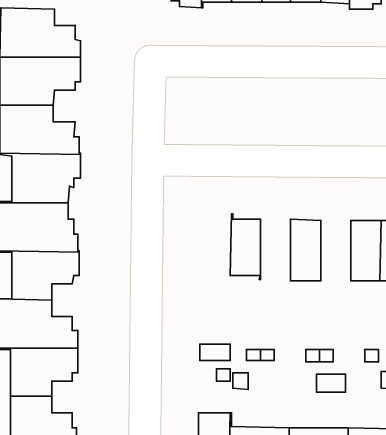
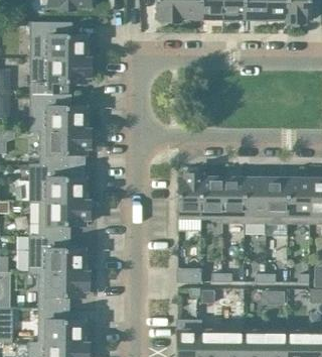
building: none -> [178,173,201,219]
building: none -> [222,177,245,223]
building: none -> [267,178,289,223]

